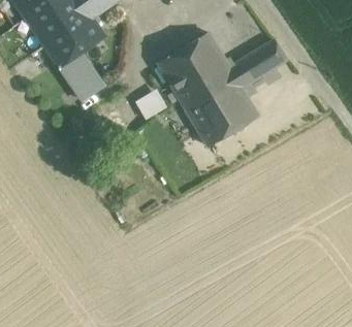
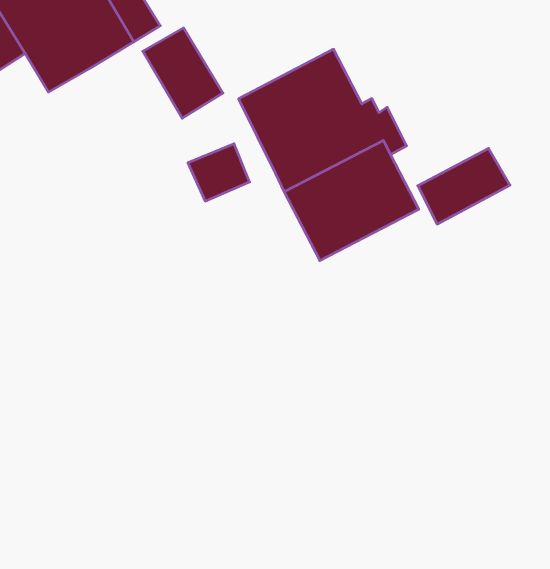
building: [238,41,287,83] -> [418,148,510,224]
building: [60,52,103,99] -> [143,28,223,118]

